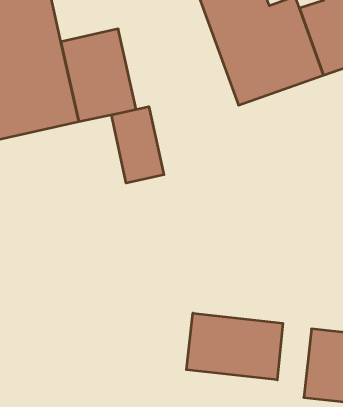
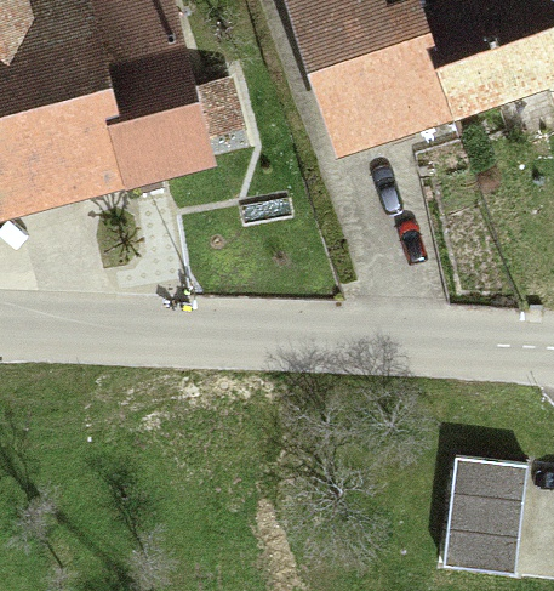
building: [112,107,164,183] -> none
building: [186,313,283,380] -> none

